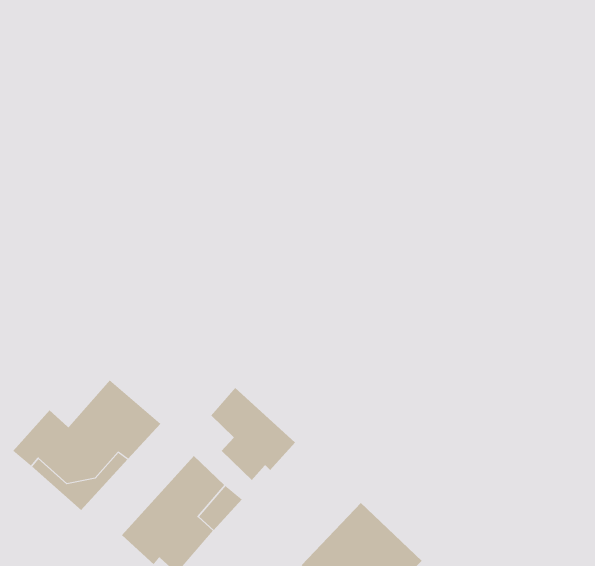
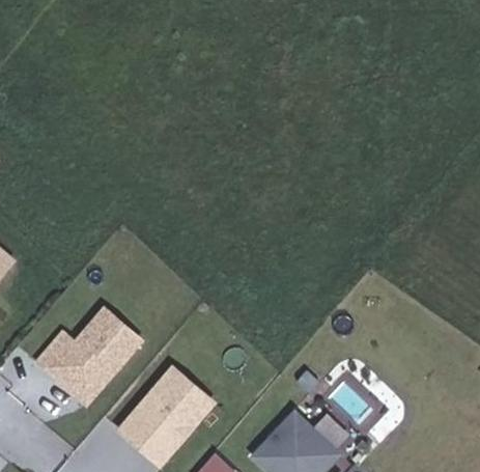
building: [210,387,296,481] -> none

